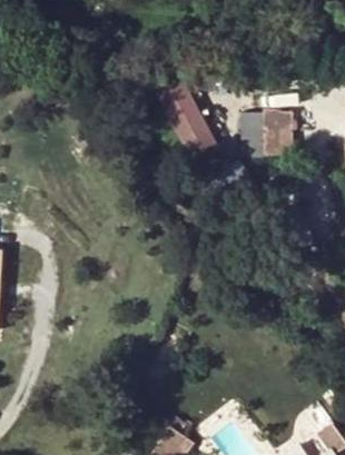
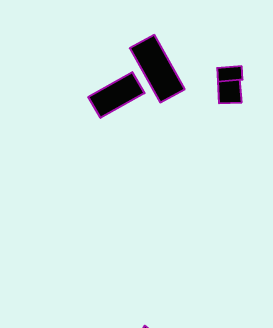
building: none -> [88,72,145,118]

